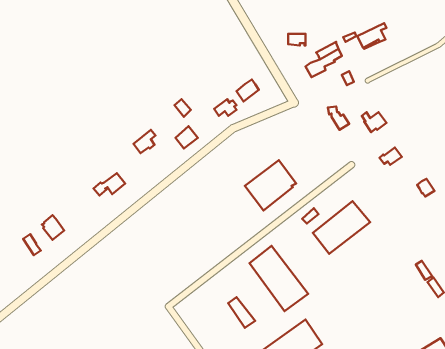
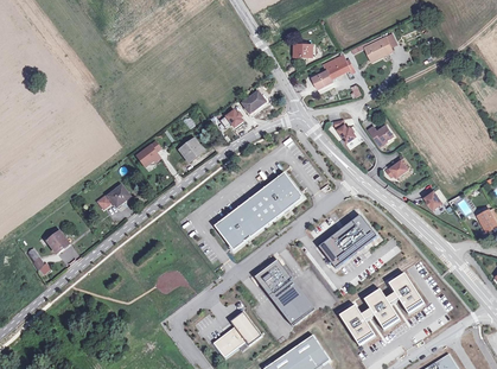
building: none -> [215,198,269,250]
building: none -> [337,272,420,341]
building: none -> [212,317,250,356]

